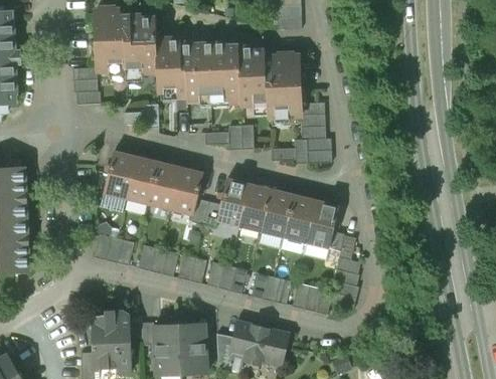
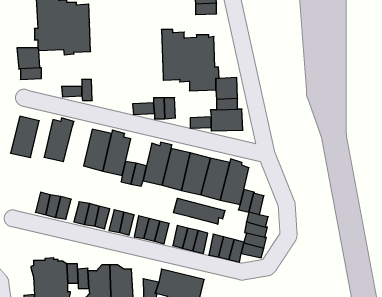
building: [155,37,239,103] -> none
building: [125,156,158,203] -> [10,116,39,157]
building: none -> [173,198,225,224]

